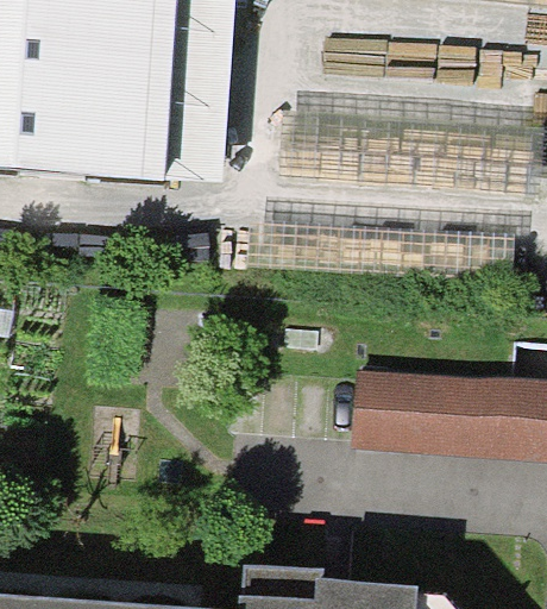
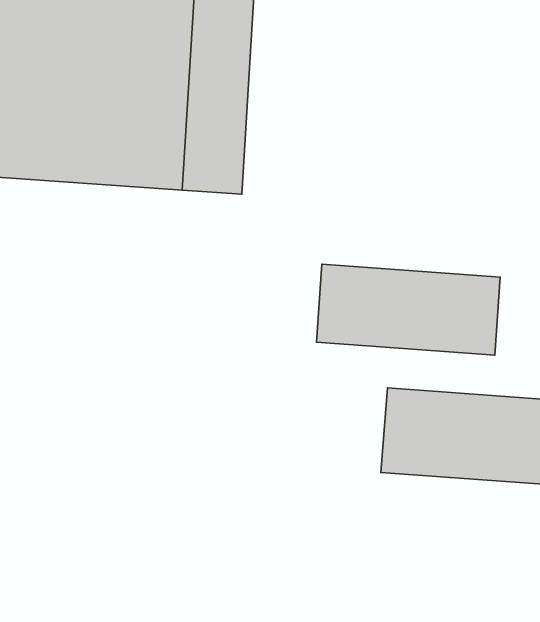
building: none -> [316,264,500,355]

